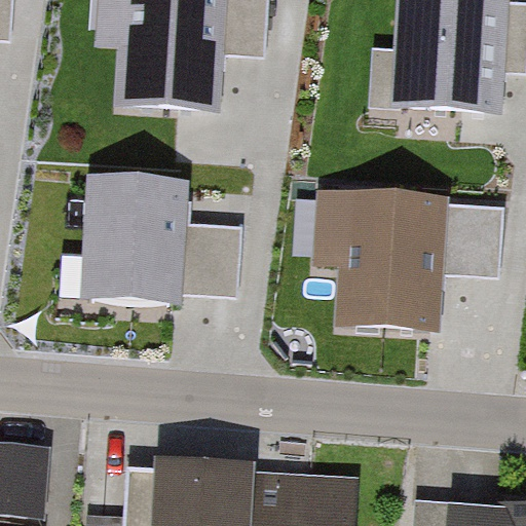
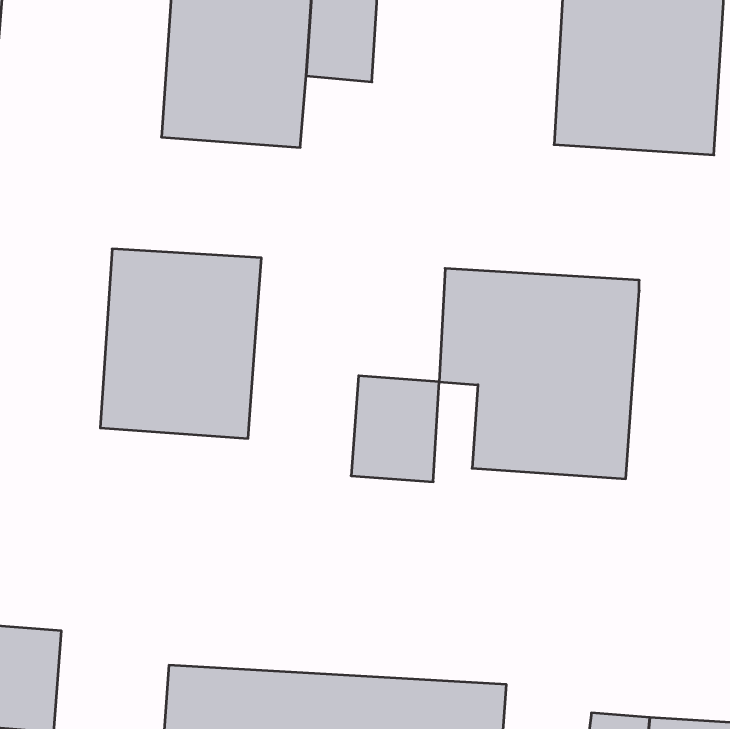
building: [444,205,503,280] -> none
building: [181,225,241,298] -> [351,376,439,482]

